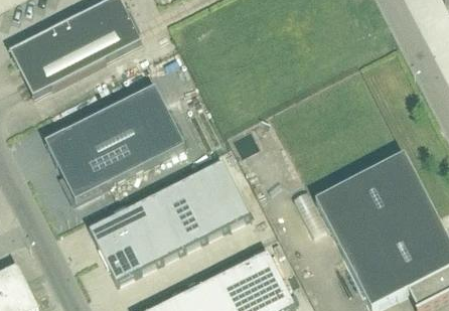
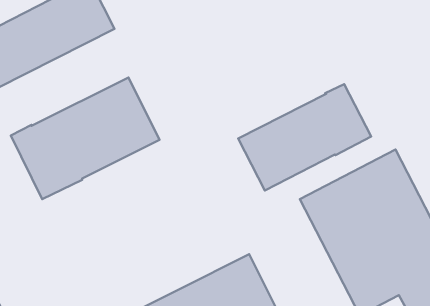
building: none -> [238,84,371,190]
building: [89,161,250,282] -> none

